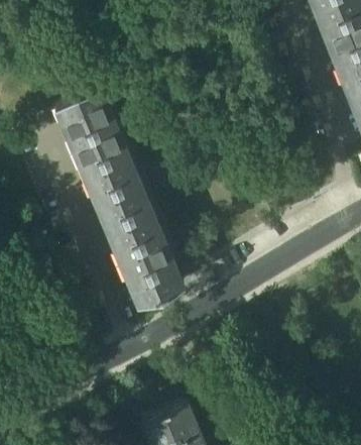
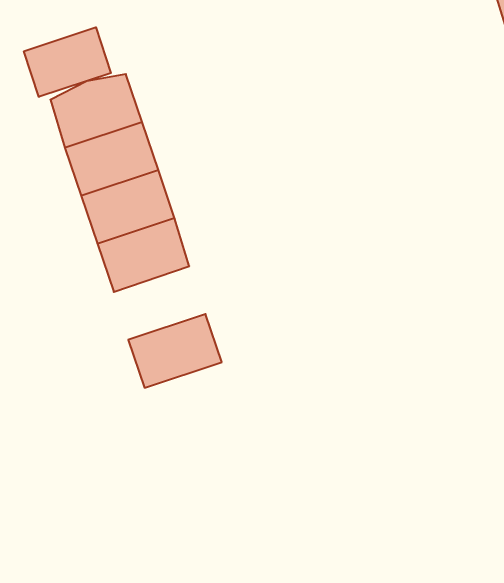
building: none -> [24,27,111,97]
building: [104,205,160,252] -> none
building: [127,261,185,308] -> none

